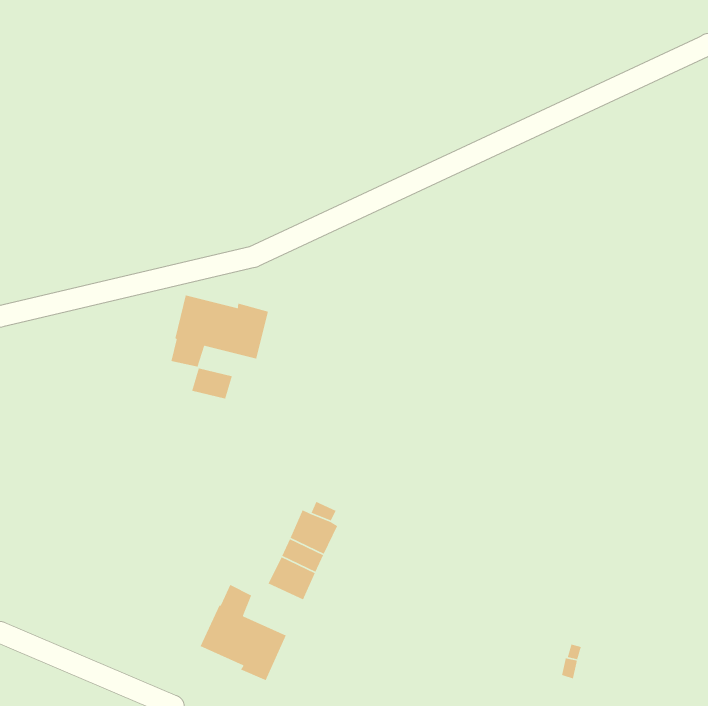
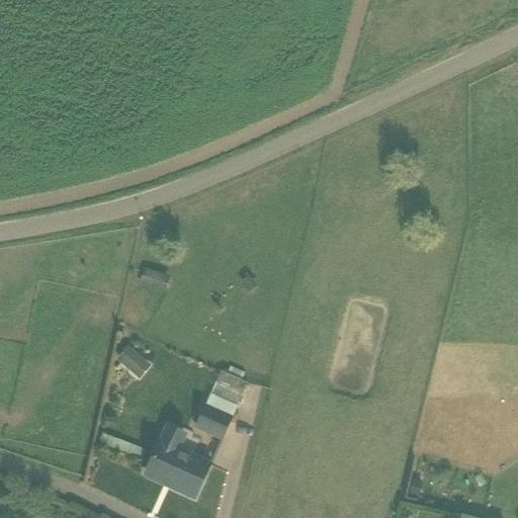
building: [171,294,269,368] -> none
building: none -> [117,346,152,379]

